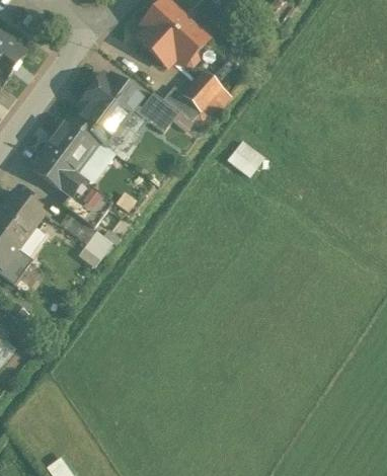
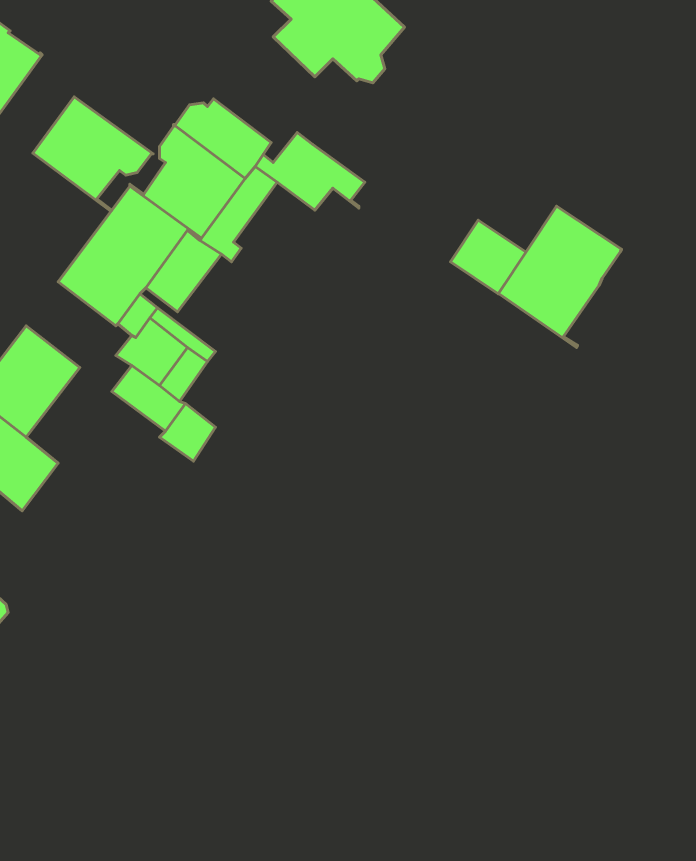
building: [161,69,230,126] -> none
building: none -> [33,97,153,211]
building: none -> [498,206,622,347]

